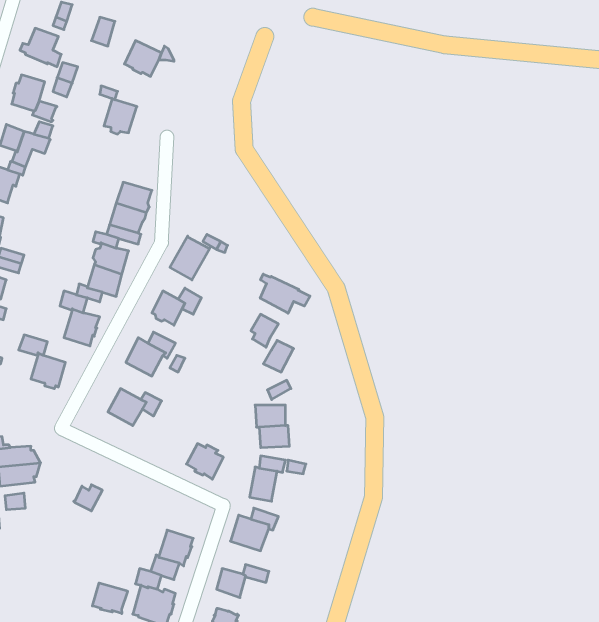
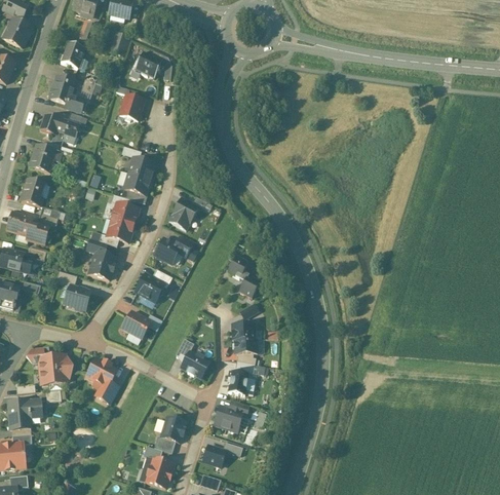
building: [260,274,310,313] -> none
building: none -> [86,358,117,387]
building: [92,583,128,614] -> none

